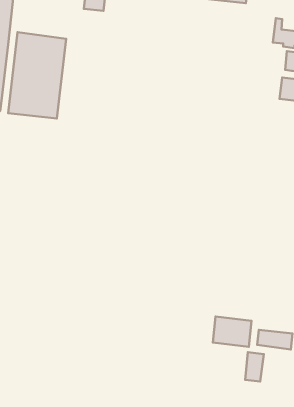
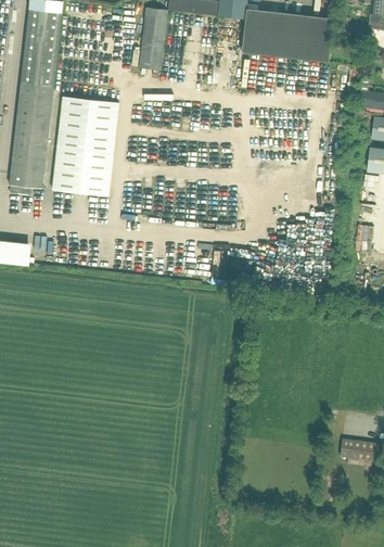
building: [213,317,252,347] -> none
building: [245,352,264,382] -> none

